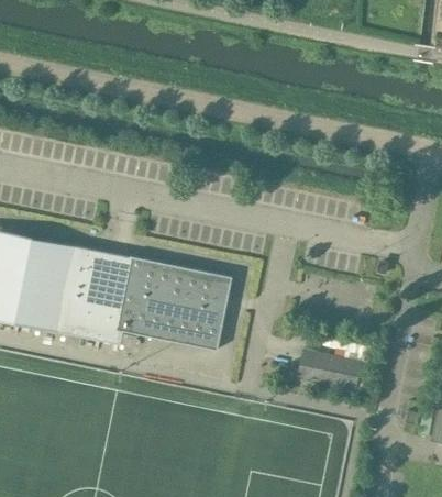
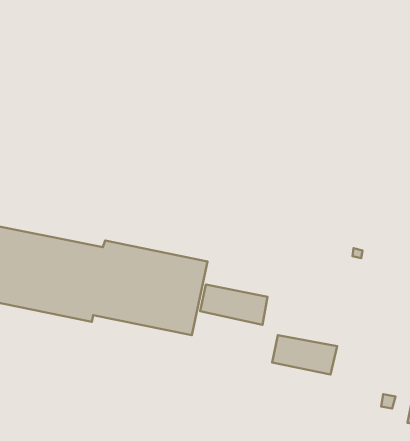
building: none -> [200,285,267,325]

